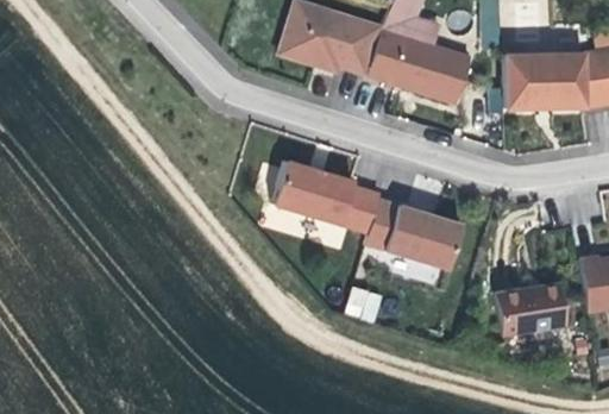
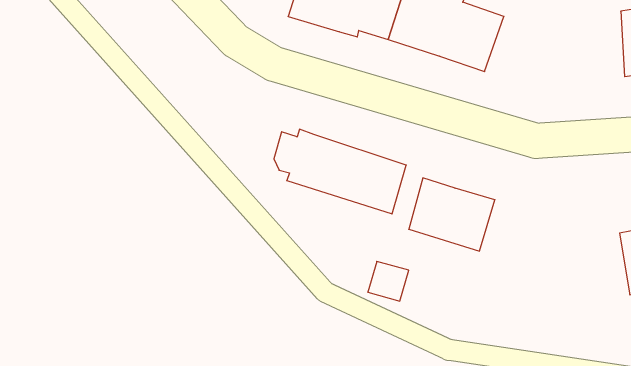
building: [503,50,586,113] -> none
building: [496,280,571,338] -> none

